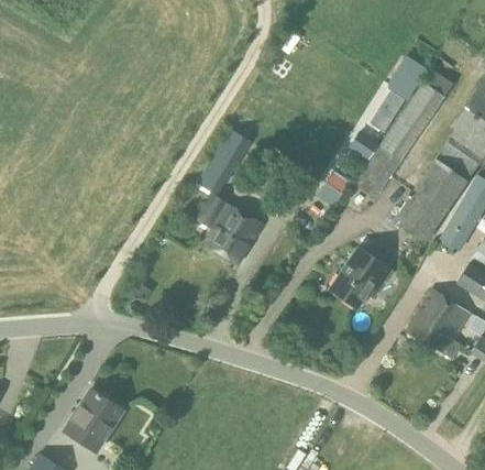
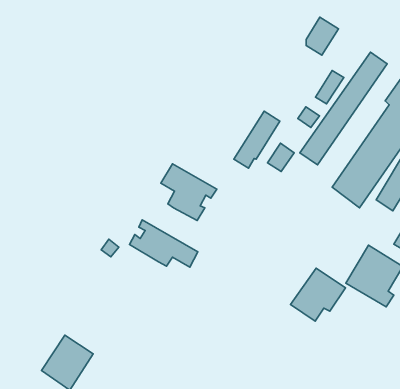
building: [389,58,426,101] -> [306,17,338,55]
building: [198,129,250,193] -> [234,111,280,168]
building: [330,249,392,308] -> [291,268,345,321]
building: none -> [130,220,198,267]

